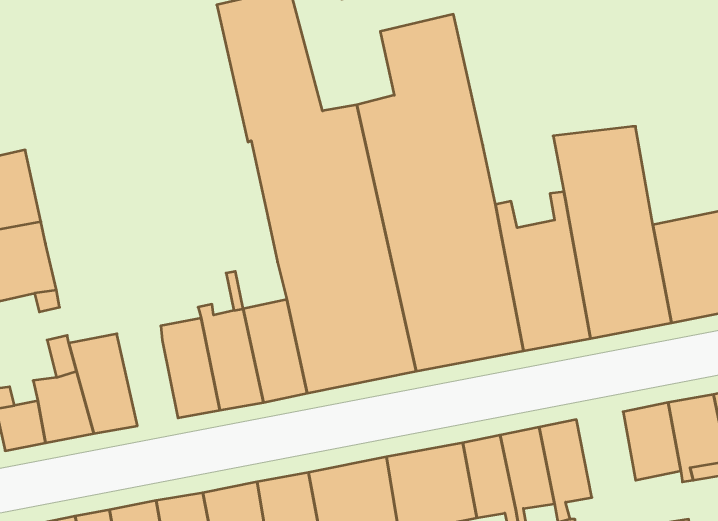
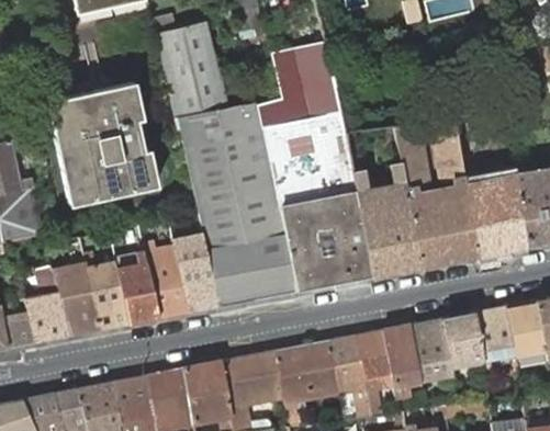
building: none -> [48,82,156,204]
building: none -> [83,254,128,329]
building: none -> [409,319,452,379]

